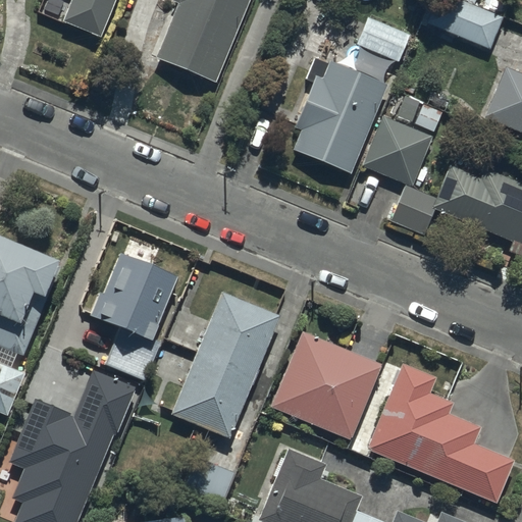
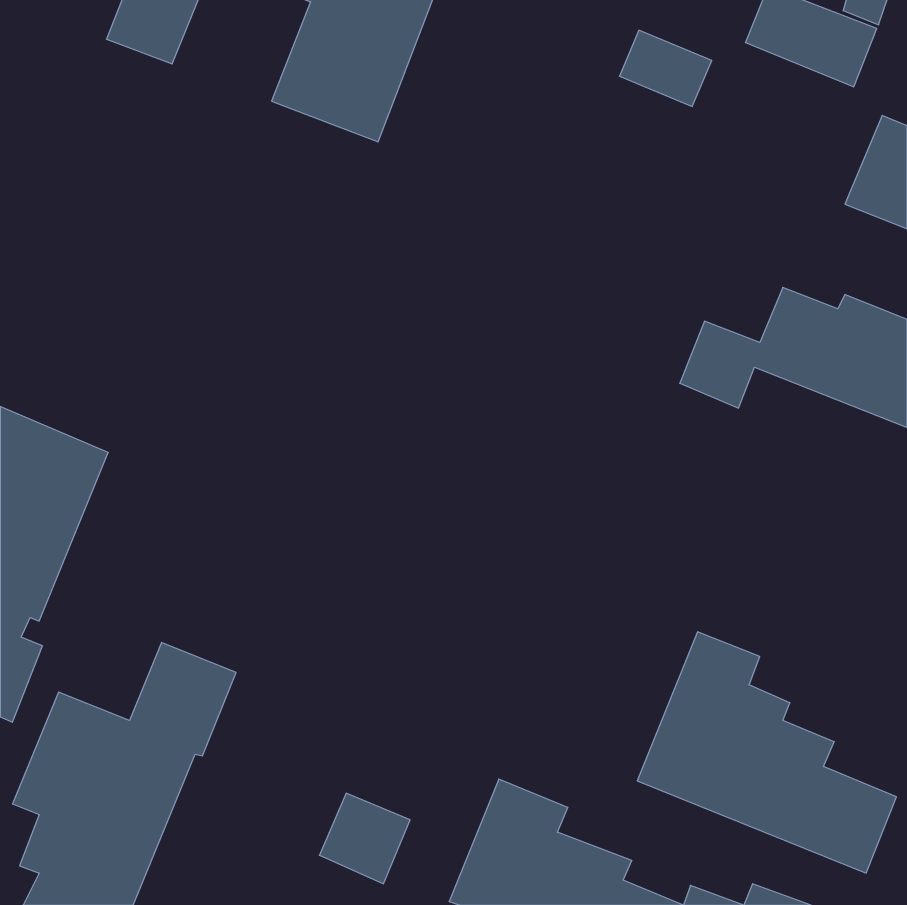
building: [293,57,386,175] -> none
building: [362,115,433,186] -> none
building: [89,252,177,380] -> none
building: [166,290,281,437] -> none
building: [271,330,381,439] -> none

